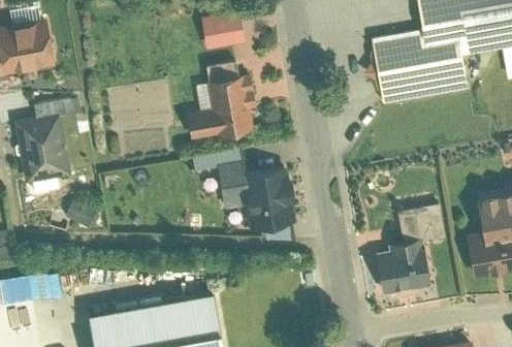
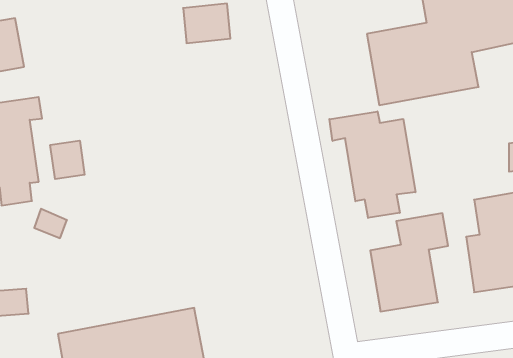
building: [175,54,255,145] -> none
building: none -> [329,111,415,218]
building: none -> [50,141,85,179]
building: [197,160,291,228] -> none

